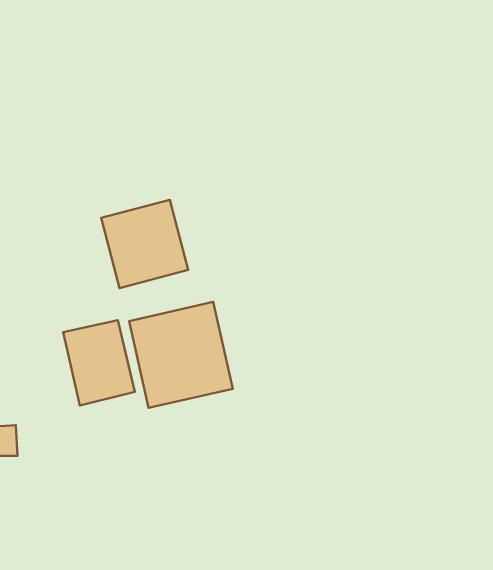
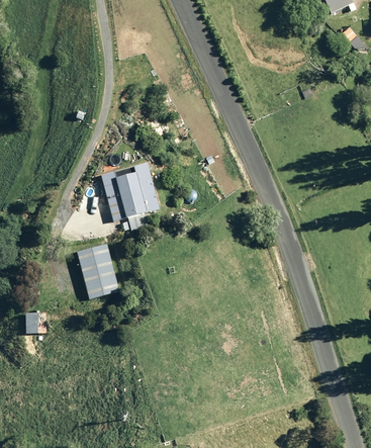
building: [129,302,233,408] -> none

